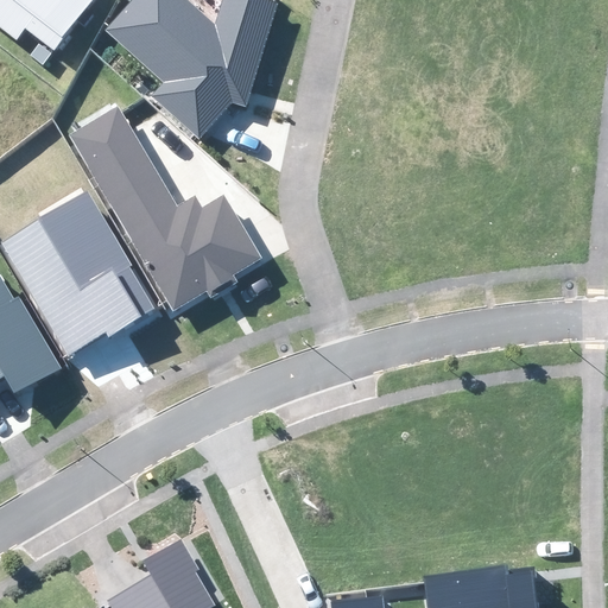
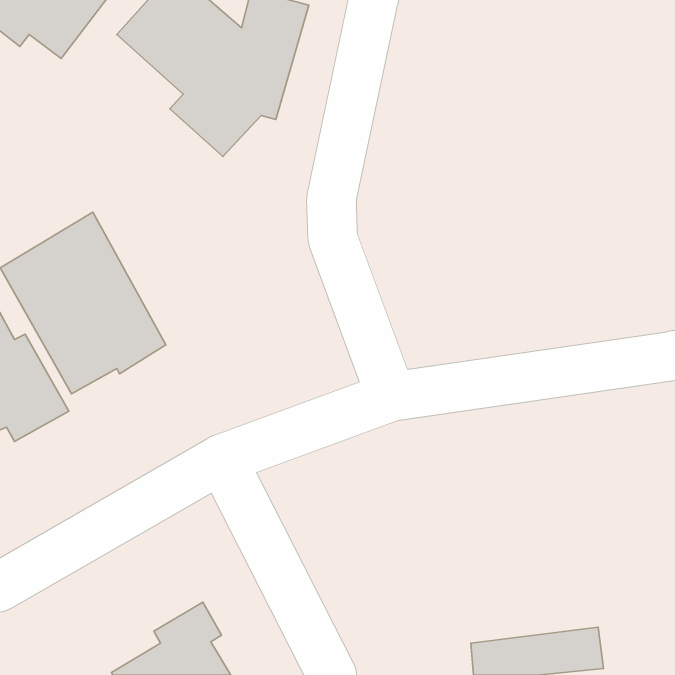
building: [70,106,262,310] -> none

